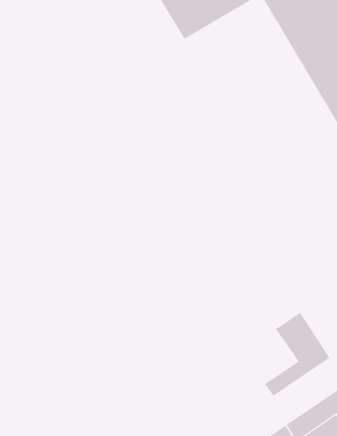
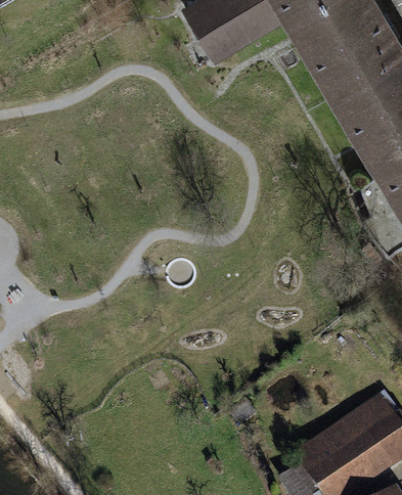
building: [264,312,330,397] -> none

